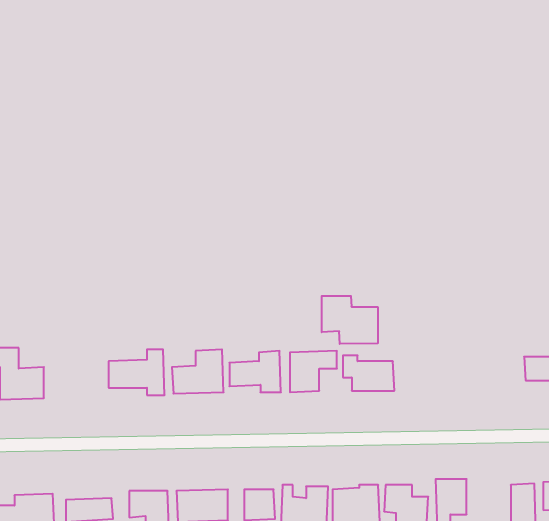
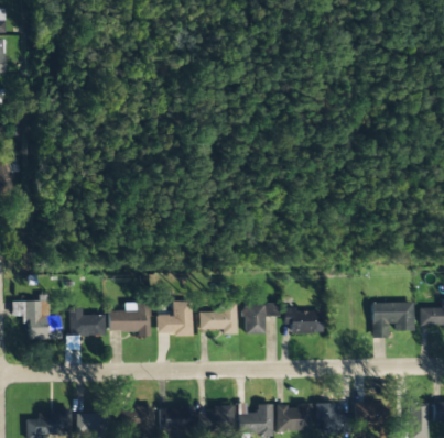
building: [322,296,378,344] -> none
building: none -> [369,302,414,332]
building: none -> [69,307,106,337]

